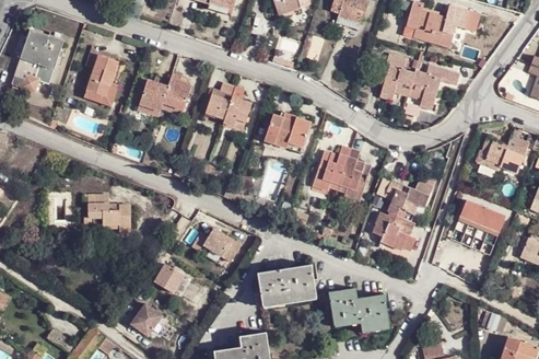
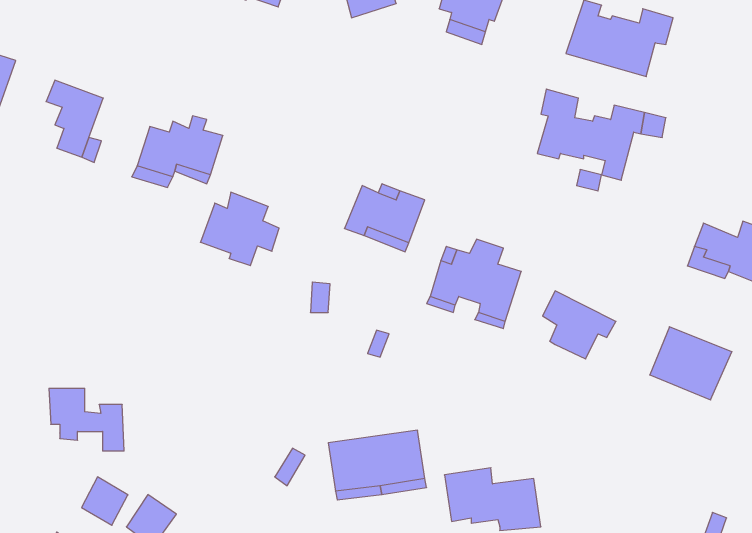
building: [208,81,256,126] -> [200,192,279,266]
building: [90,198,136,236] -> [49,388,124,451]
building: [378,212,420,251] -> none
building: [201,230,239,265] -> none
building: [156,265,185,294] -> [82,477,128,525]

